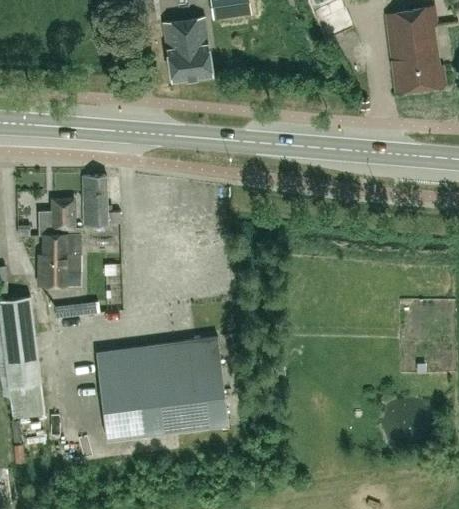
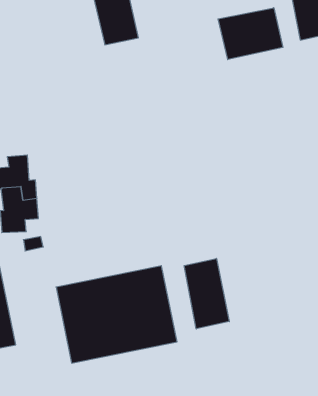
building: none -> [218,8,283,60]
building: [82,176,120,226] -> none
building: none -> [184,258,229,329]

